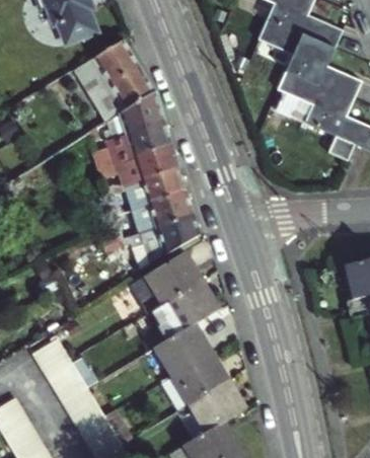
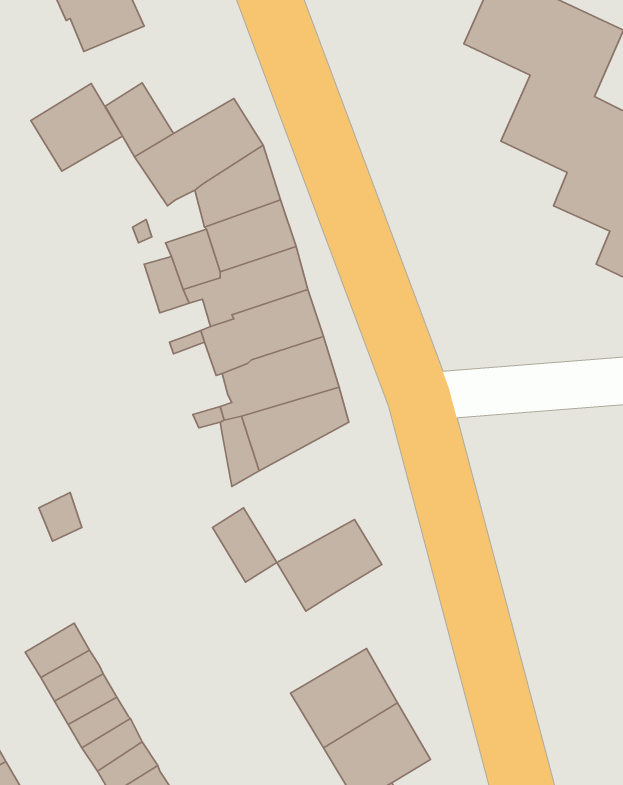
building: [92,37,140,83] -> [31,83,122,171]
building: [145,254,203,306] -> none
building: [153,322,209,374] -> none

